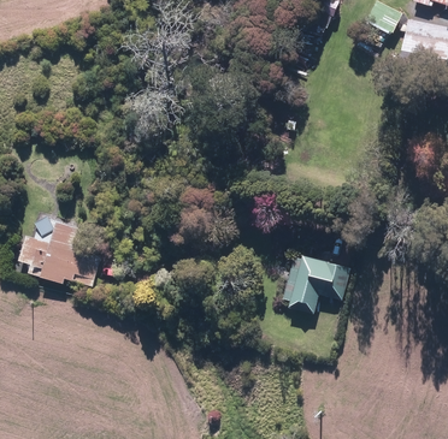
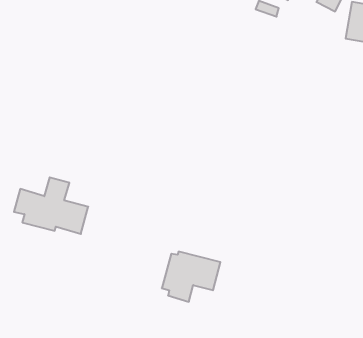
building: [282,255,349,313] -> [162,252,220,302]

